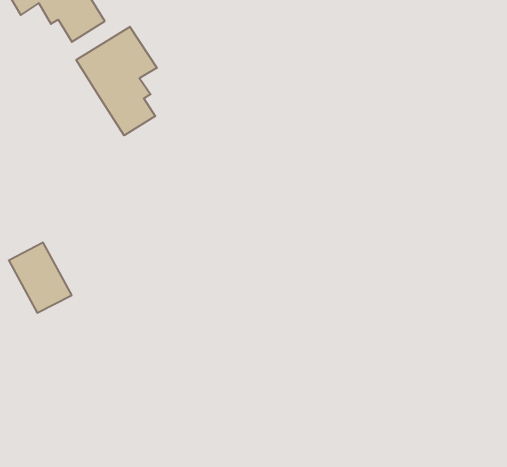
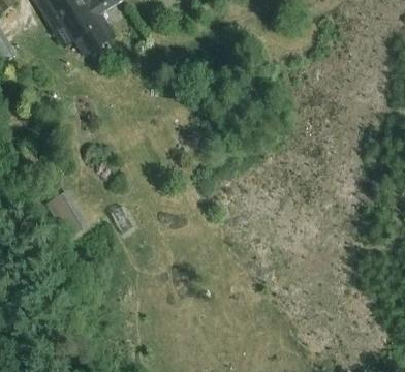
building: [76,27,157,135] -> none

